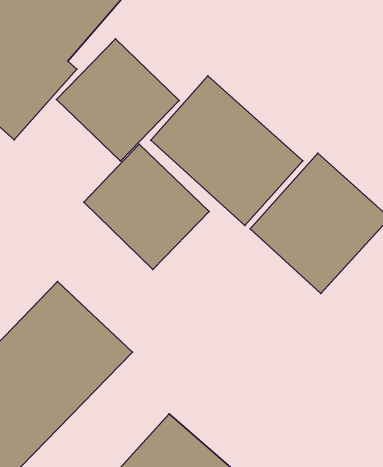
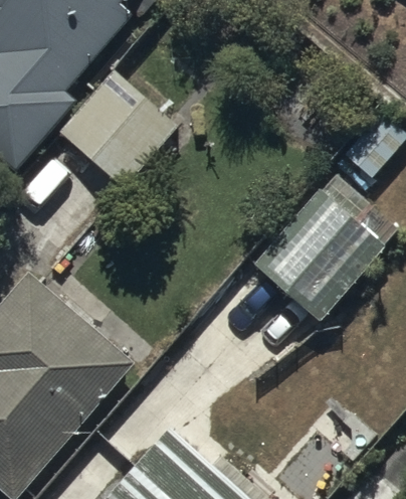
building: [151,76,303,225] -> none
building: [84,144,209,269] -> none

